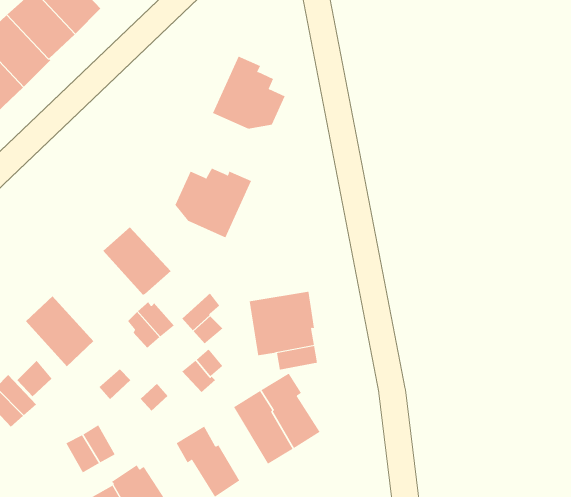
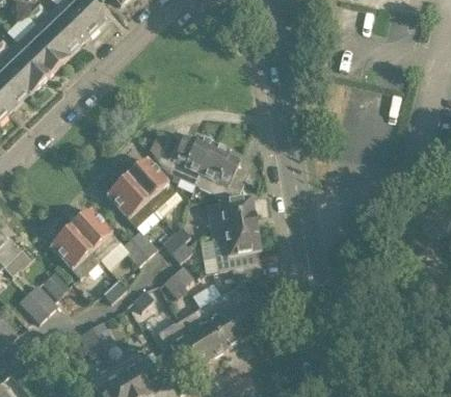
building: [212,56,285,129] -> [195,143,248,196]
building: none -> [126,158,176,209]
building: none -> [207,196,256,231]
building: none -> [70,209,121,260]
building: none -> [180,308,226,361]

